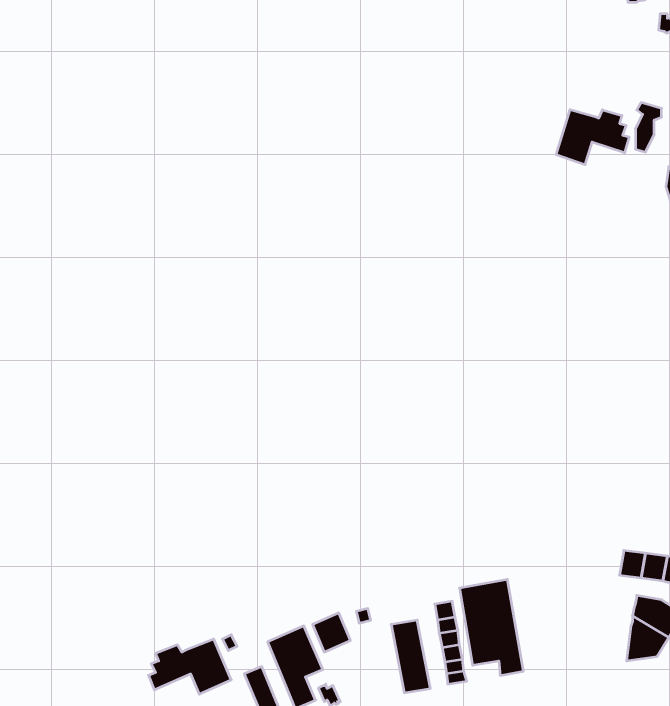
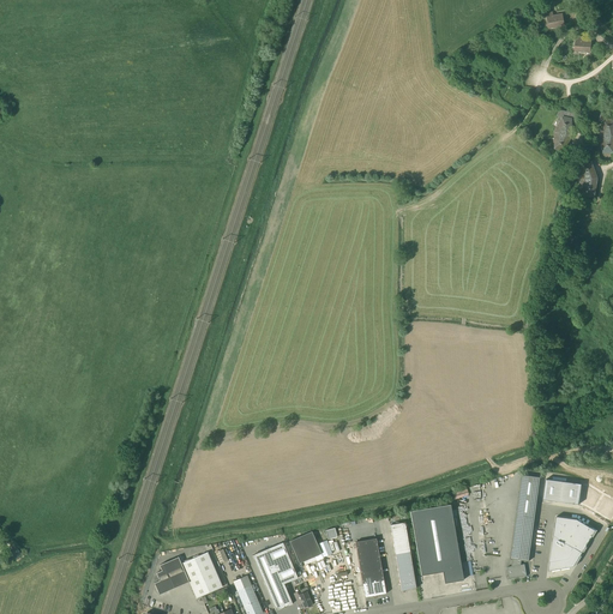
building: [556,110,629,165] -> none
building: none -> [507,475,540,578]

